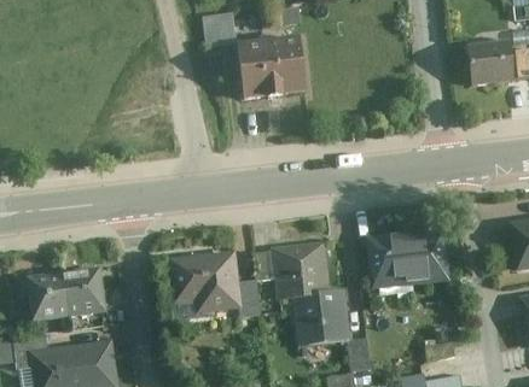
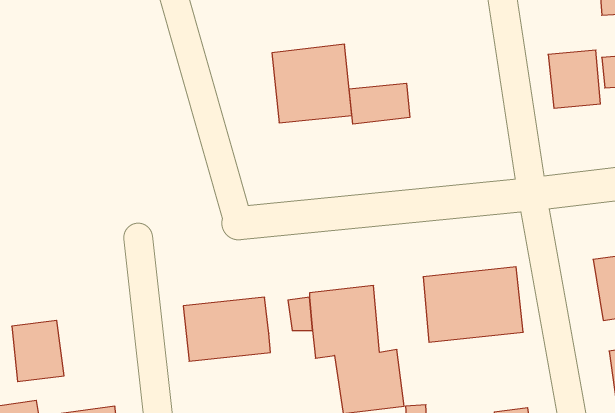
building: [205,12,238,46] -> none
building: none -> [349,83,410,124]
building: [60,265,104,315] -> none
building: [237,277,260,317] -> none

